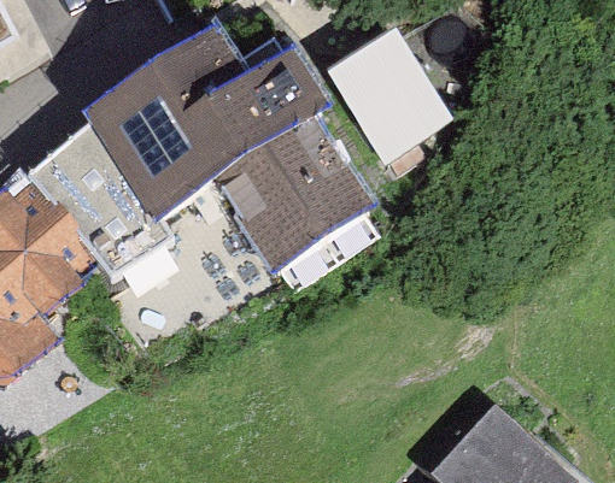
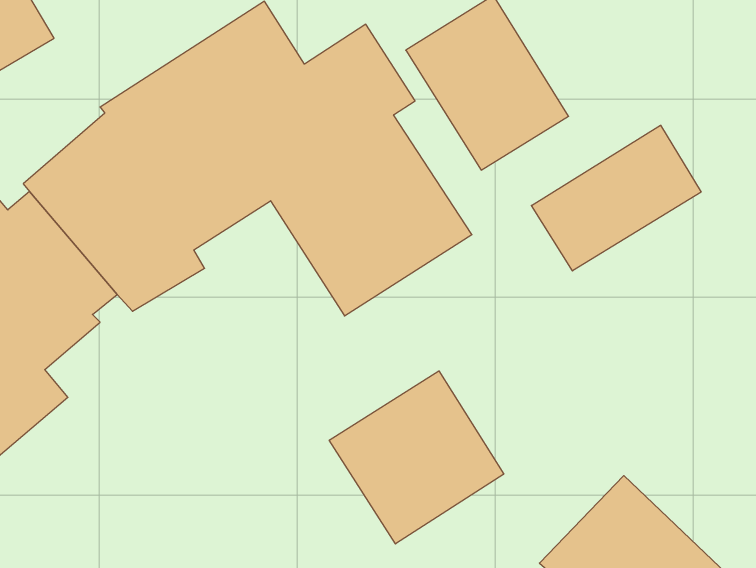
building: none -> [531,125,701,271]
building: none -> [329,371,504,544]

